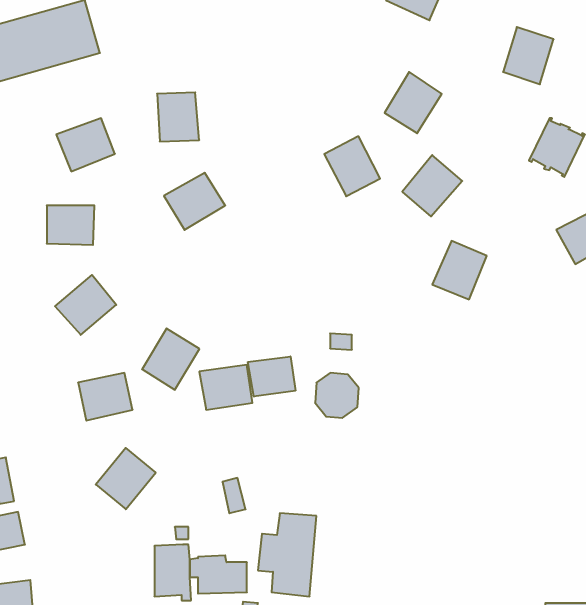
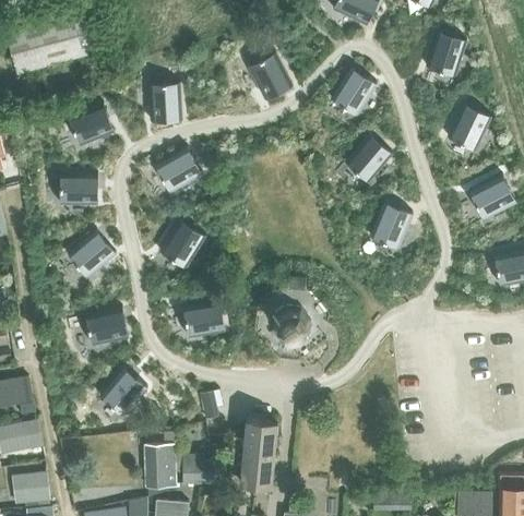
building: [324,136,380,196] -> [248,52,293,100]
building: [142,328,199,390] -> [159,219,205,268]
building: [248,356,295,397] -> none

